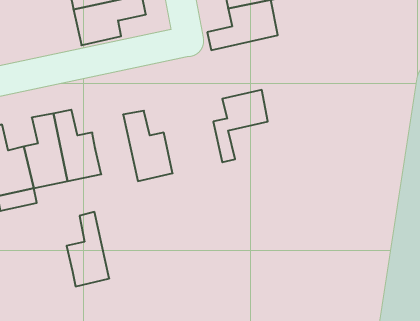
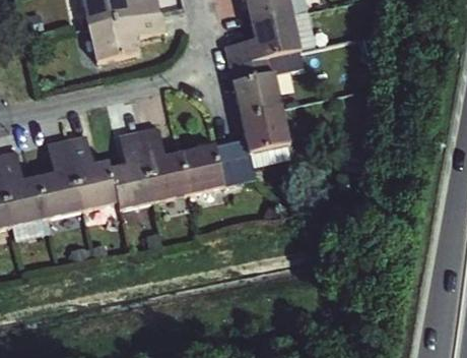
building: none -> [230,53,304,118]
building: none -> [182,141,242,194]
building: [67,212,109,286] -> [112,134,155,211]

